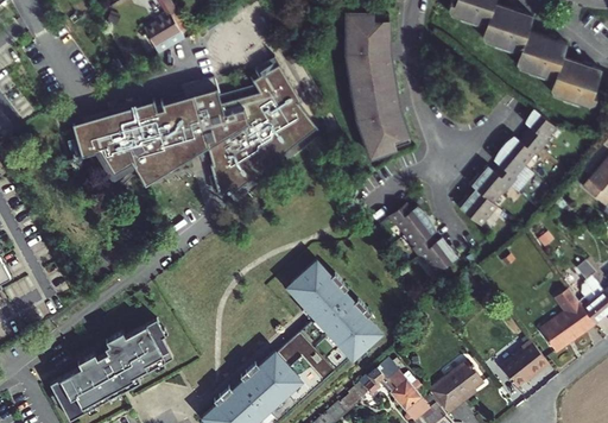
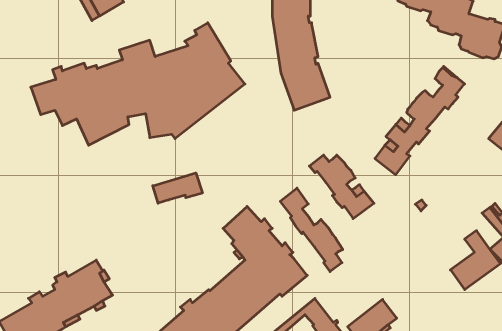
building: none -> [153,173,202,203]
building: none -> [280,188,343,272]
building: [498,339,546,385] -> none

